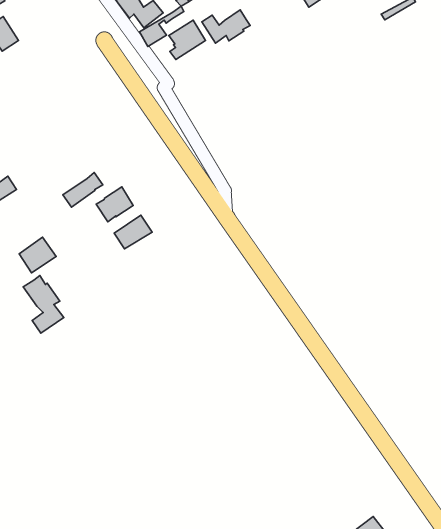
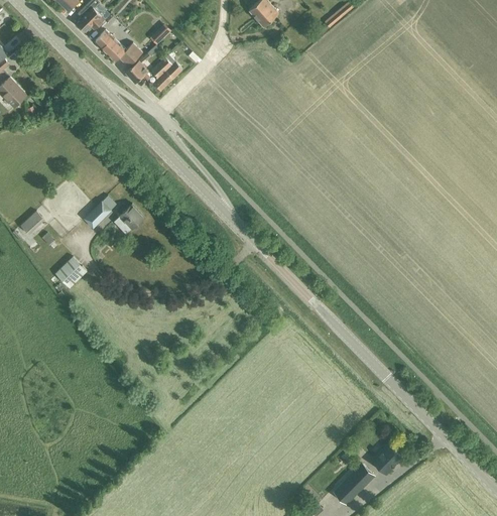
building: [202,10,250,43] -> none
building: [114,215,152,249] -> none
building: [23,275,64,333] -> none

